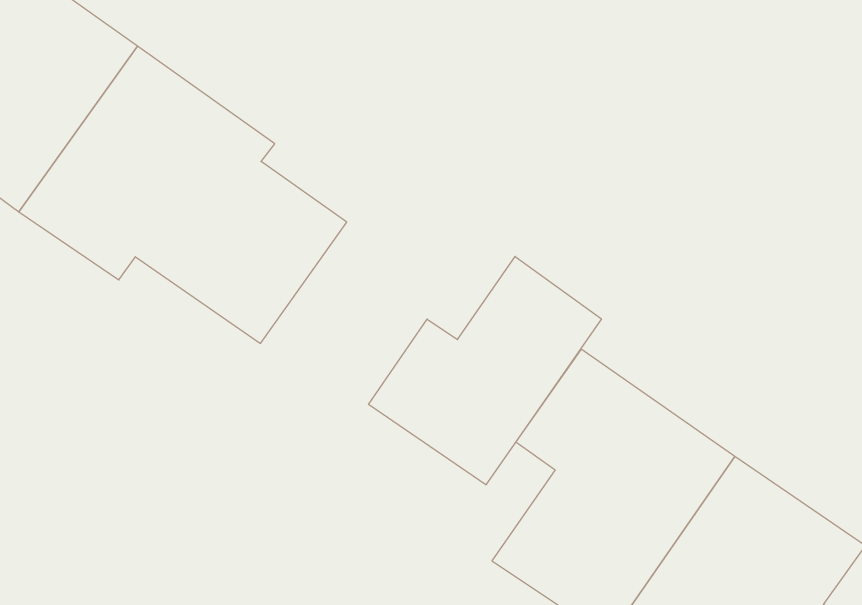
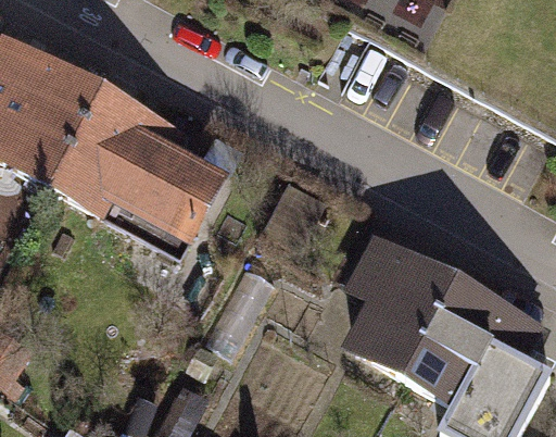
building: [369,256,601,485] -> none

